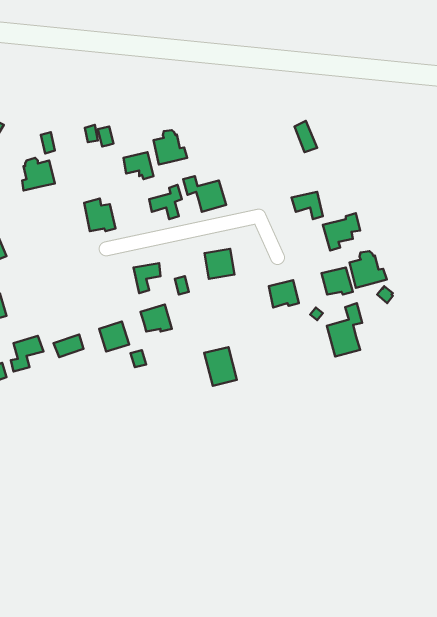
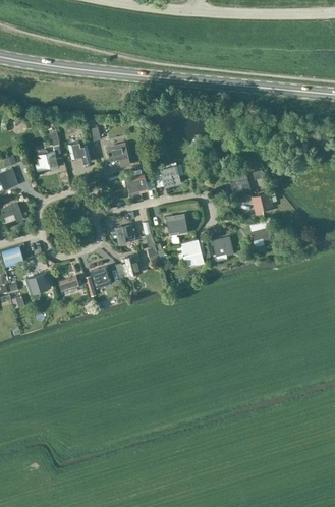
building: [153,130,187,165] -> none
building: [84,198,116,231] -> [68,140,91,164]
building: [350,251,387,288] -> none
building: [327,303,362,356] -> none
building: [204,347,237,386] -> [180,239,204,267]

